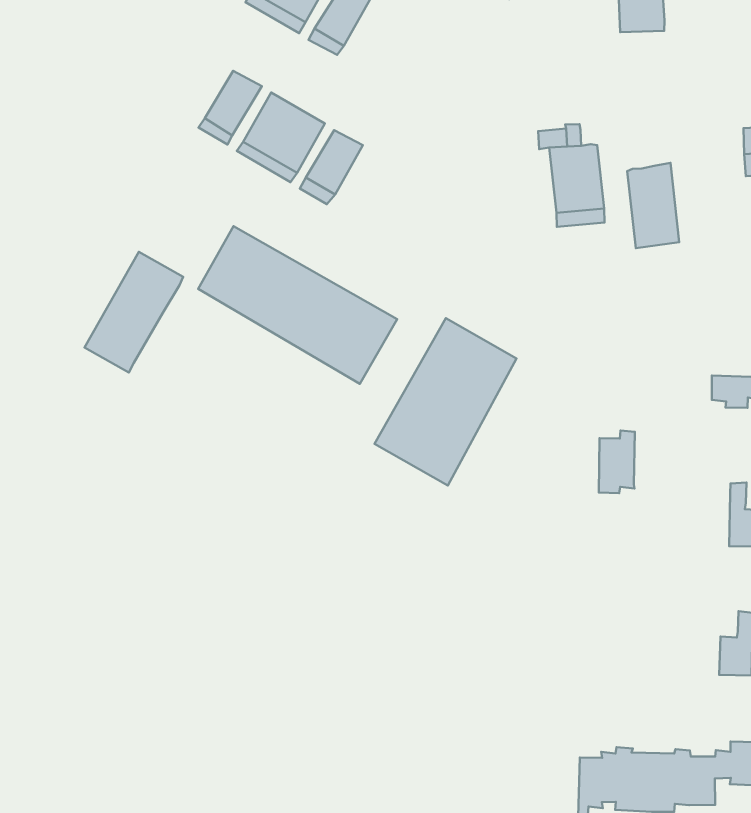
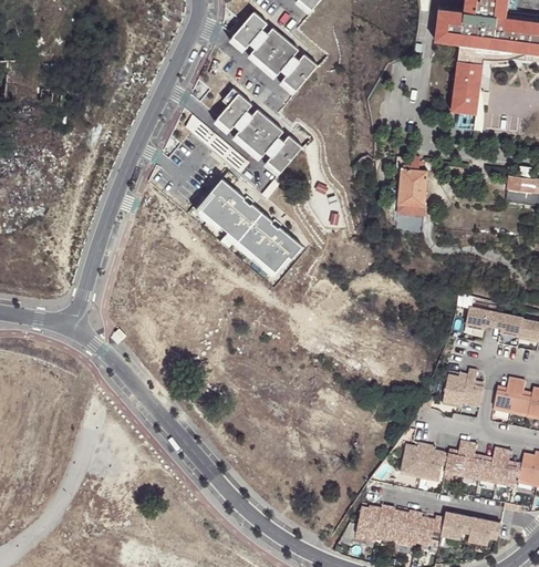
building: [627,163,679,248] -> none
building: [85,252,183,372] -> none
building: [374,318,516,485] -> none
building: [599,430,635,493] -> [443,372,468,406]
building: none -> [401,442,446,482]

